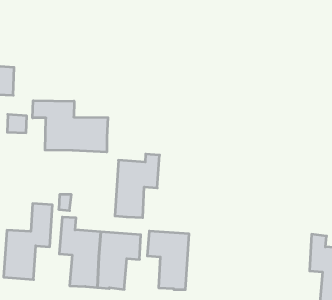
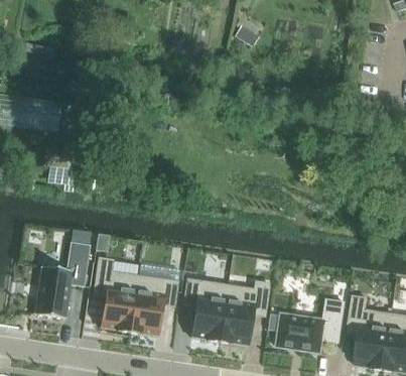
building: [33,101,108,152] -> none
building: [115,154,160,218] -> [218,280,268,345]
building: none -> [275,298,343,352]

